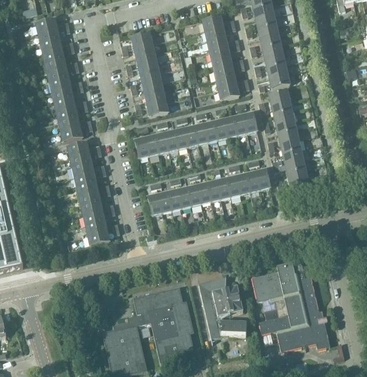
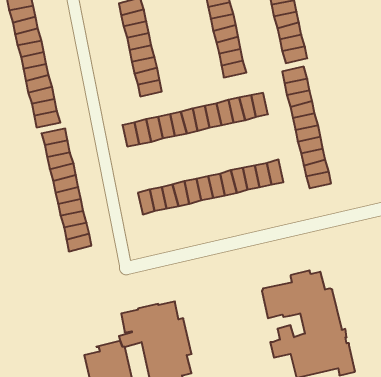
building: [198,276,246,337] -> none

